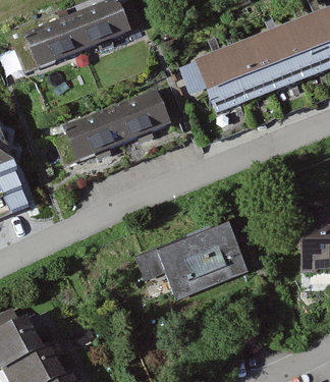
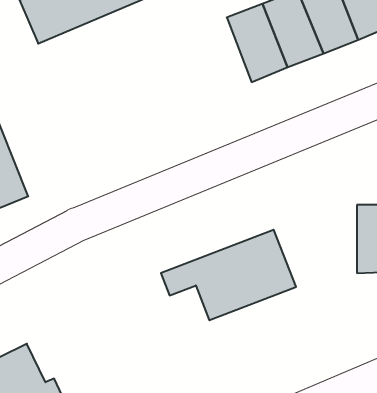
building: [65,93,170,162] -> none

